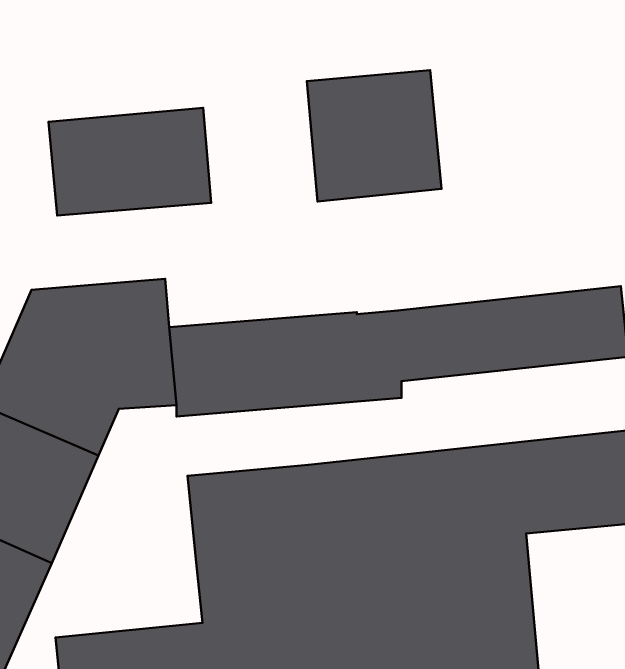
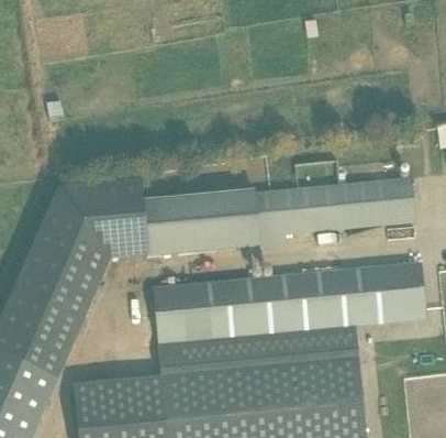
building: [307,70,442,201] -> none
building: [48,108,211,216] -> none

